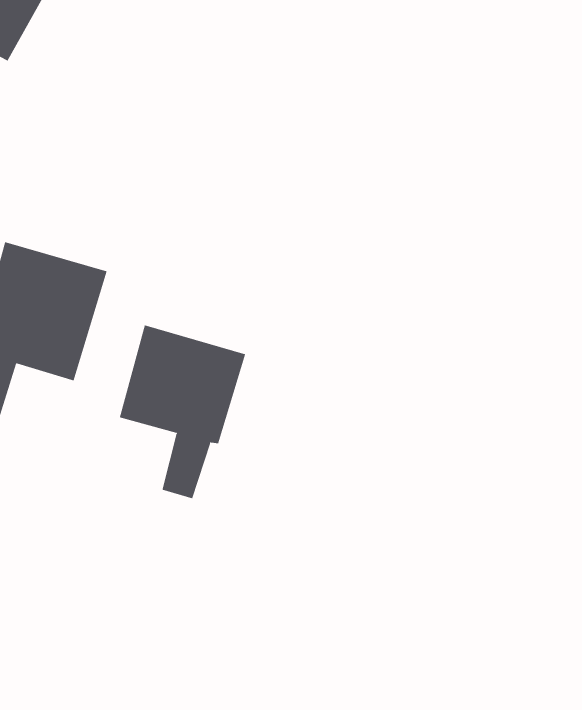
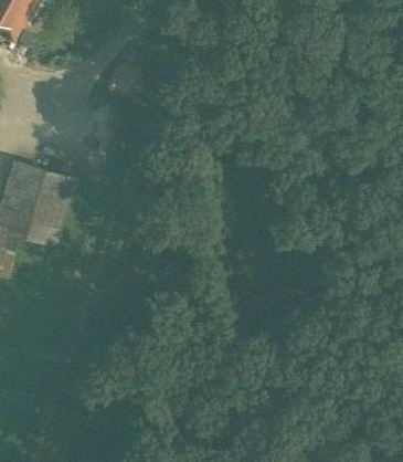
building: [119,325,246,499] -> none

